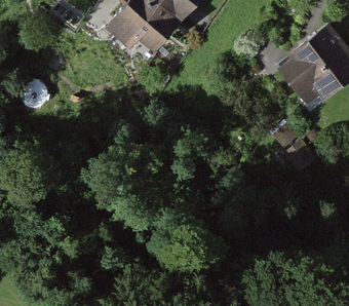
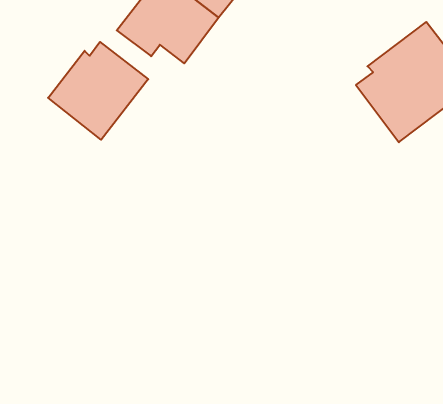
building: none -> [48,42,148,140]

